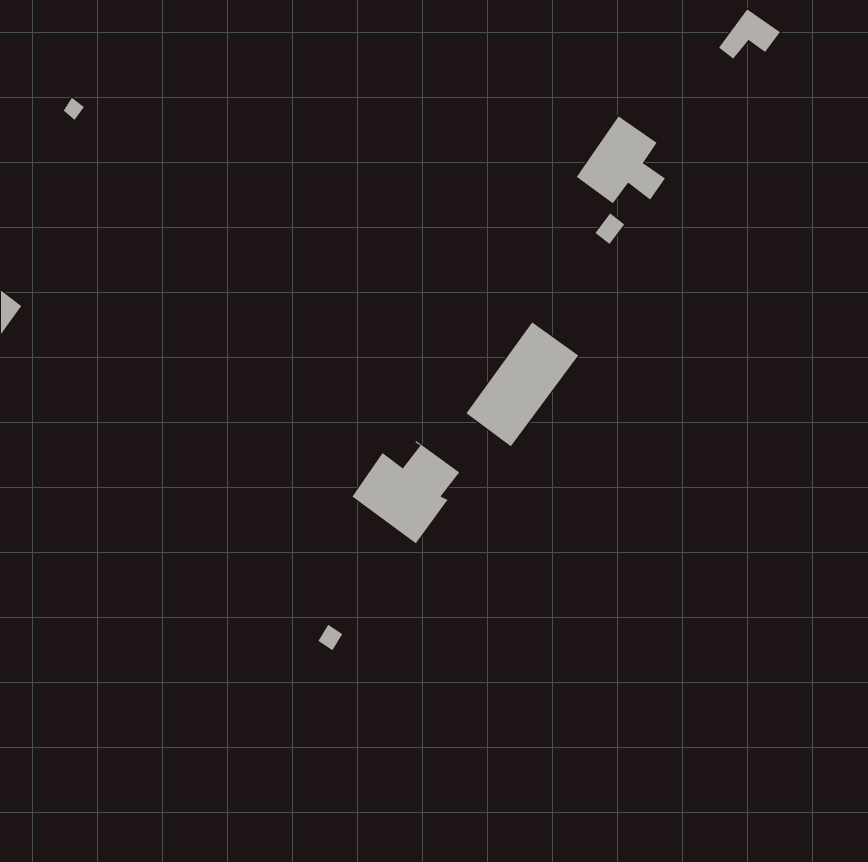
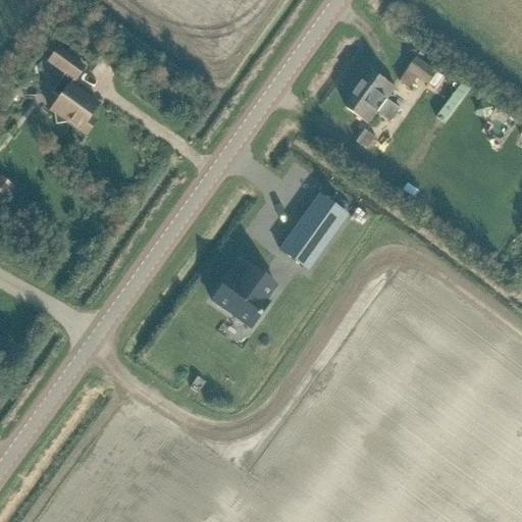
building: [718,8,781,60] -> [400,56,437,87]
building: none -> [48,46,98,134]

